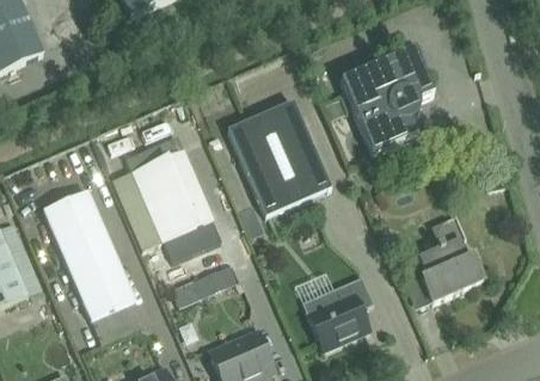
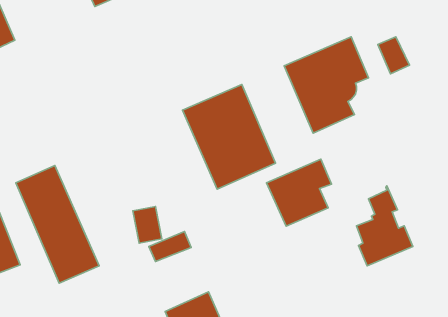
building: none -> [378,37,409,74]
building: [130,147,214,241] -> none
building: [301,275,373,349] -> [267,159,331,226]

